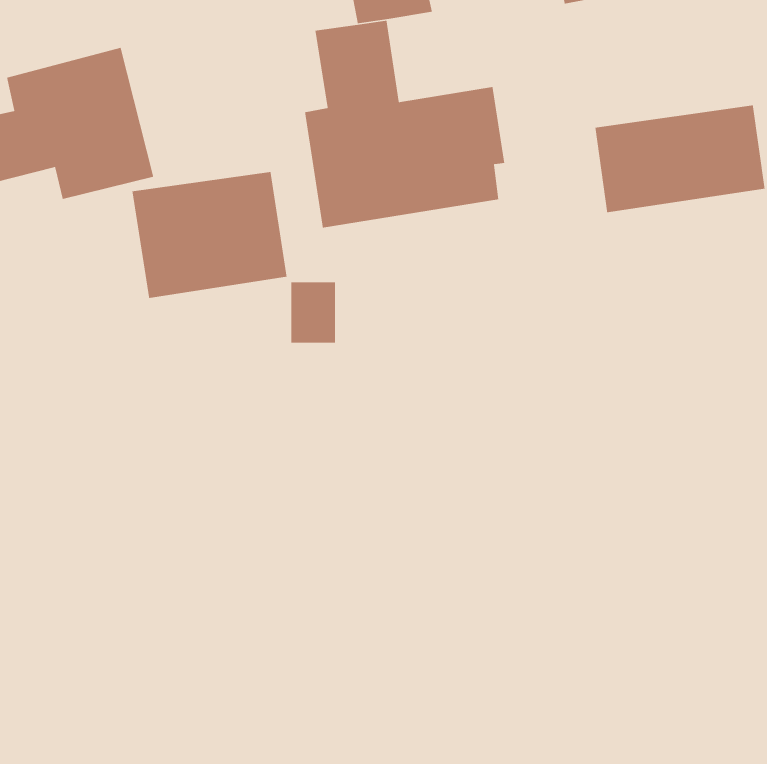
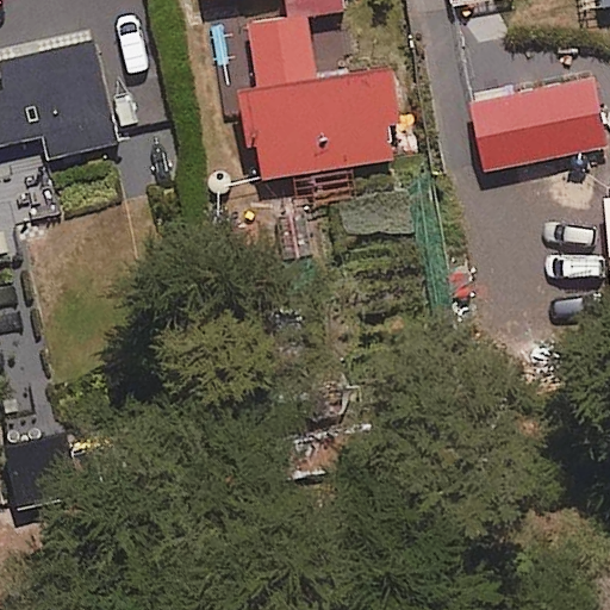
building: [131,171,288,299] -> none

